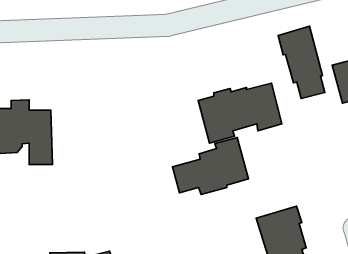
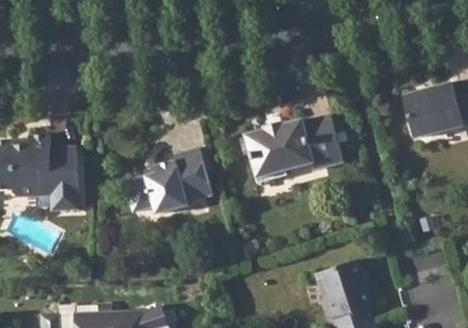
building: [278,26,325,99] -> none
building: [173,137,248,195] -> [125,149,213,215]

